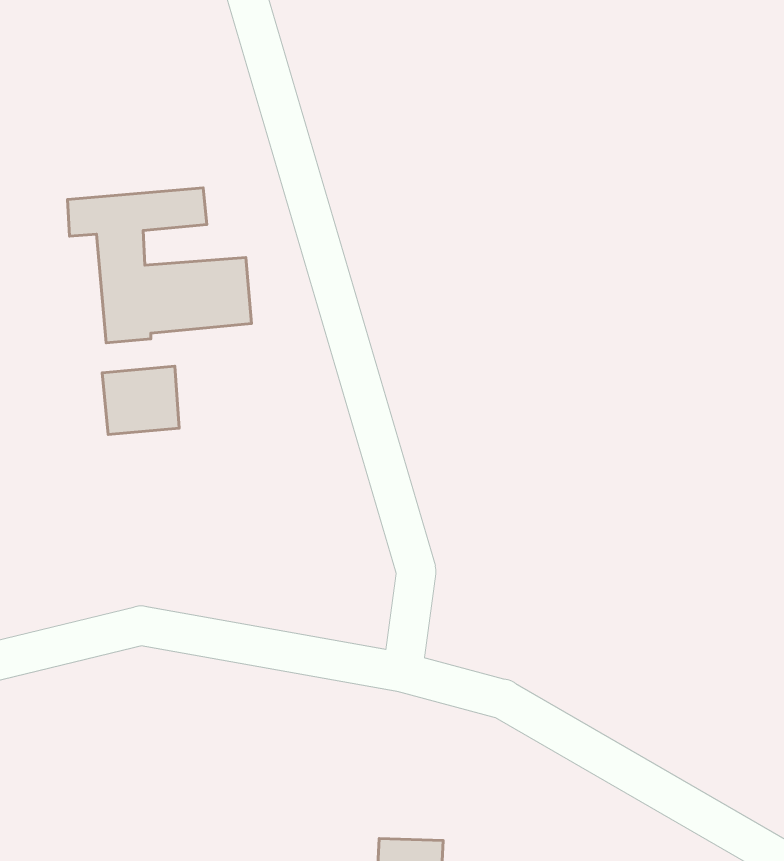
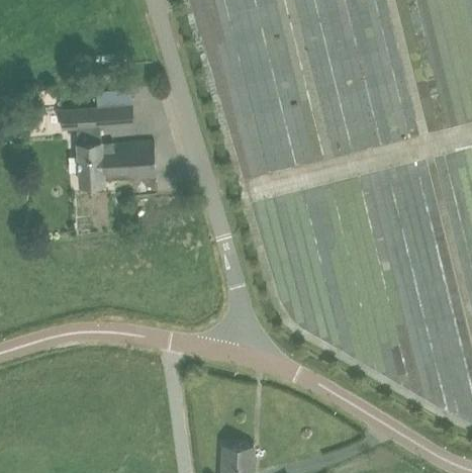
building: [102,366,179,434] -> none

